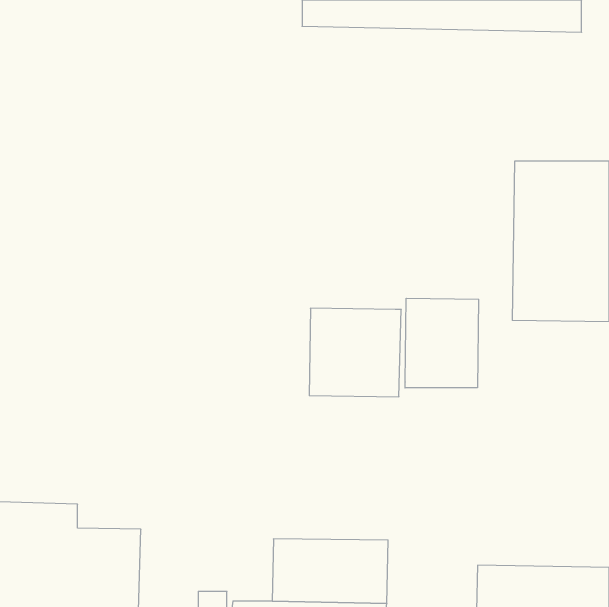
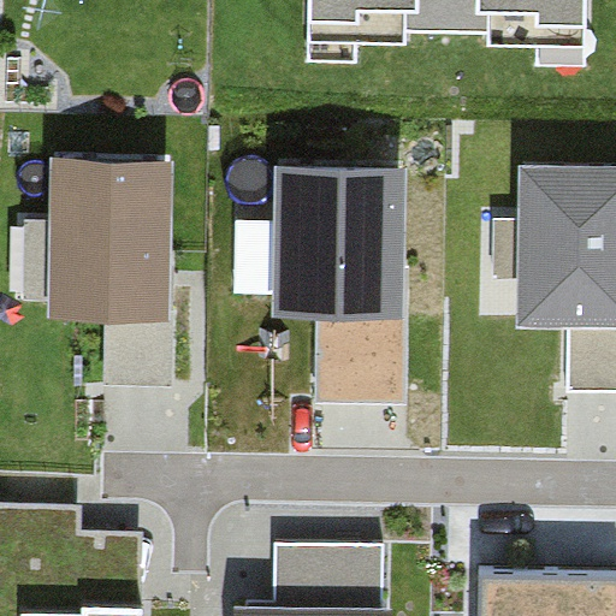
building: none -> [48,159,172,321]
building: none -> [274,167,401,315]
building: [405,298,479,388] -> none

